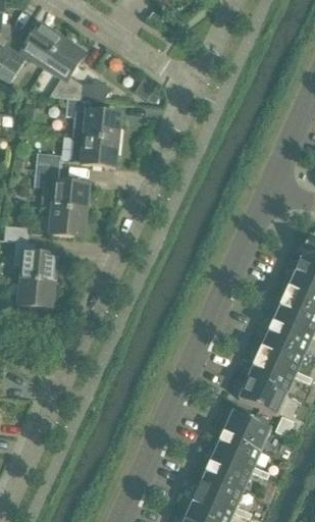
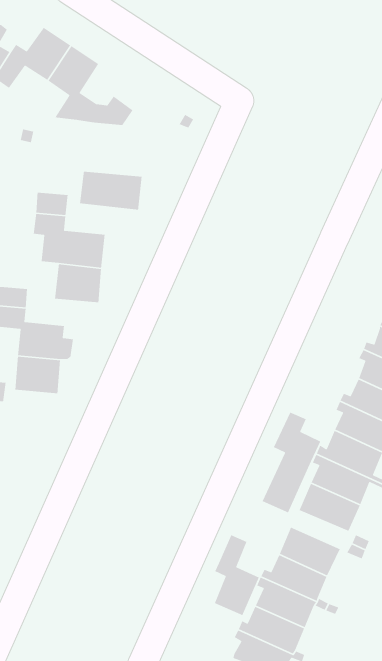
building: [64,97,119,140] -> none
building: none -> [261,412,326,514]
building: none -> [214,534,260,616]

